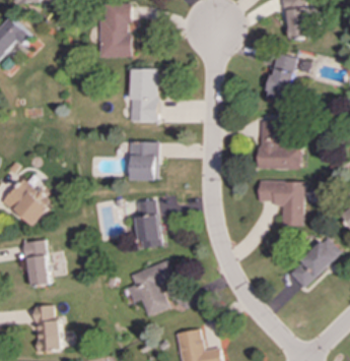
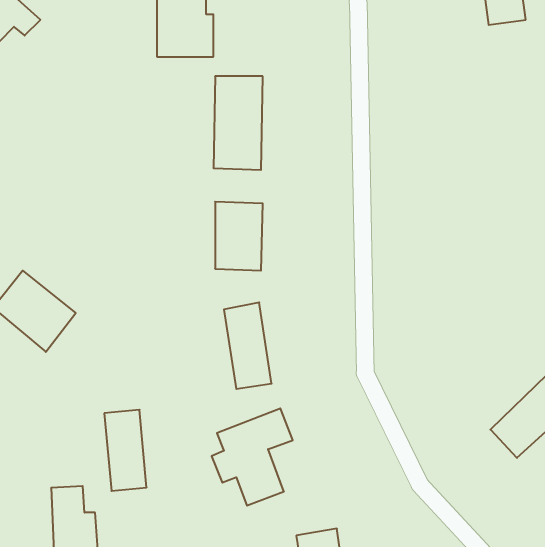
building: [266,53,308,103] -> none
building: [258,120,300,168] -> none
building: [259,180,304,226] -> none
building: [26,239,51,286] -> [104,410,147,491]

